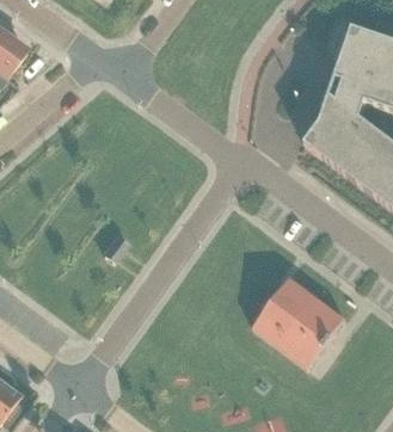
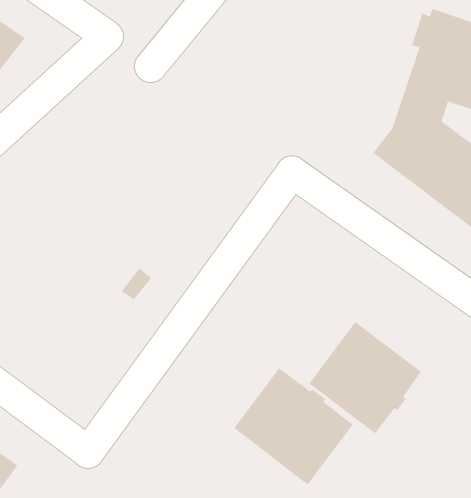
building: none -> [233,368,354,485]

